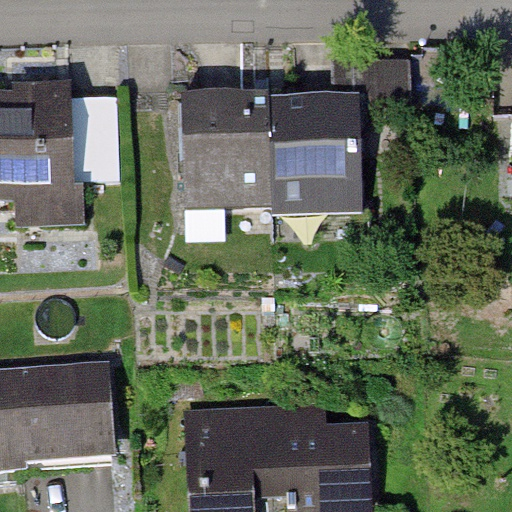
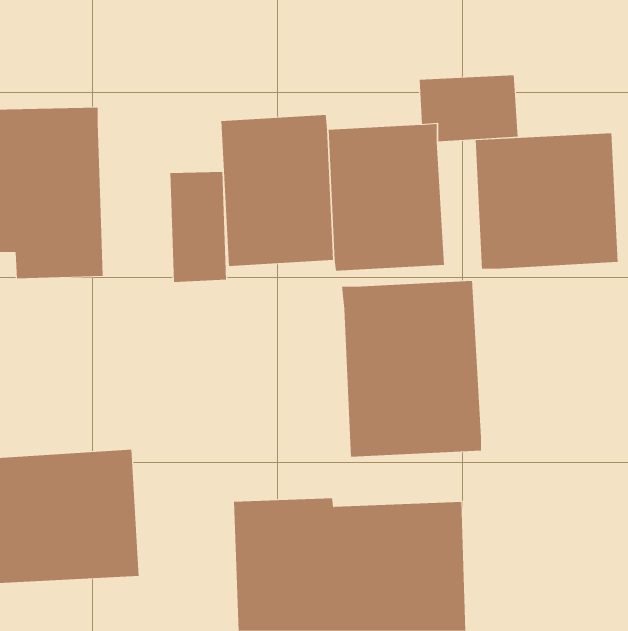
building: [79,98,125,187] -> [170,172,227,282]
building: none -> [475,132,618,270]
building: none -> [342,280,482,457]

